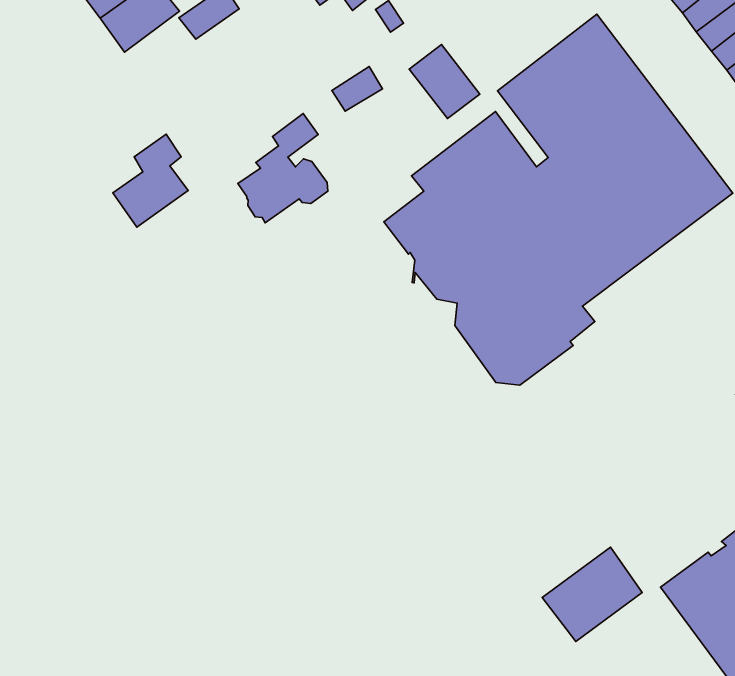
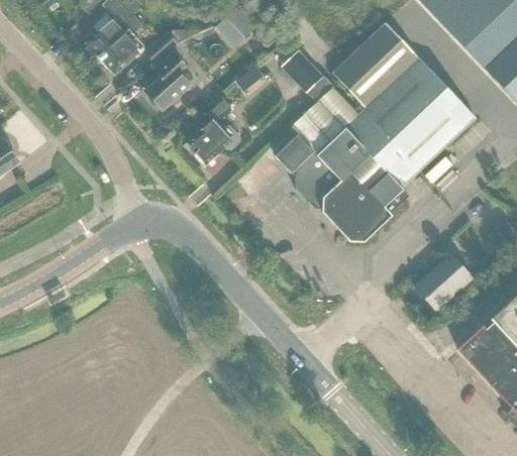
building: [113,134,188,227] -> [146,52,190,108]
building: [542,547,642,641] -> [415,253,473,310]

